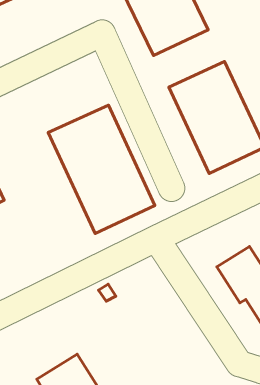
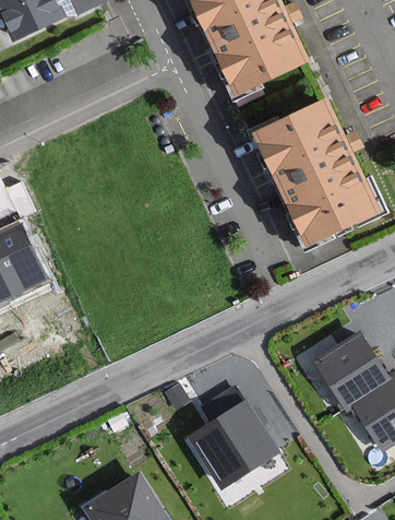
building: [48,105,155,233] -> none
building: none -> [191,402,275,486]

